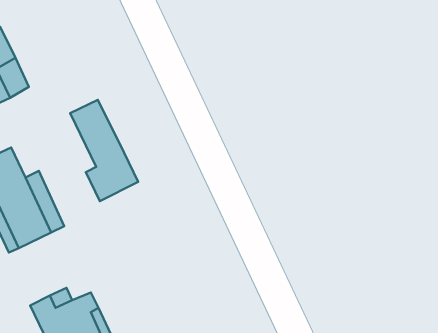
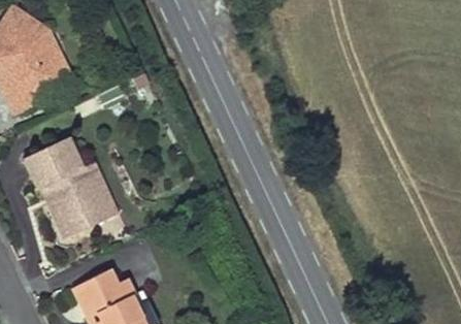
building: [70,100,138,201] -> none

